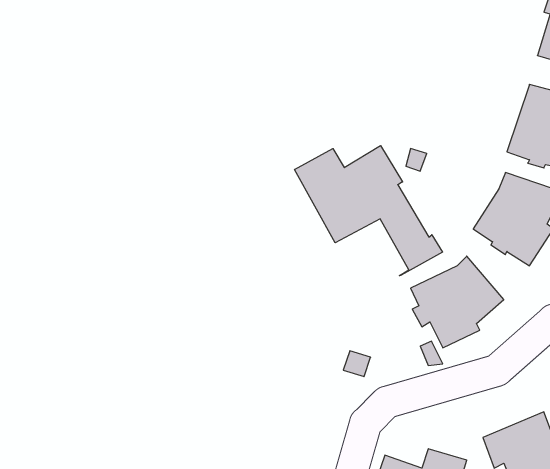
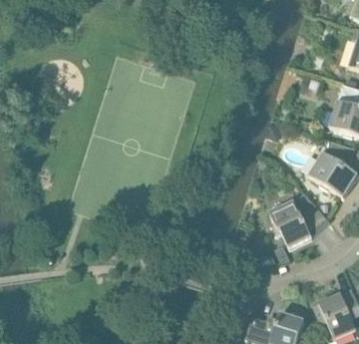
building: [295,146,443,276] -> none

